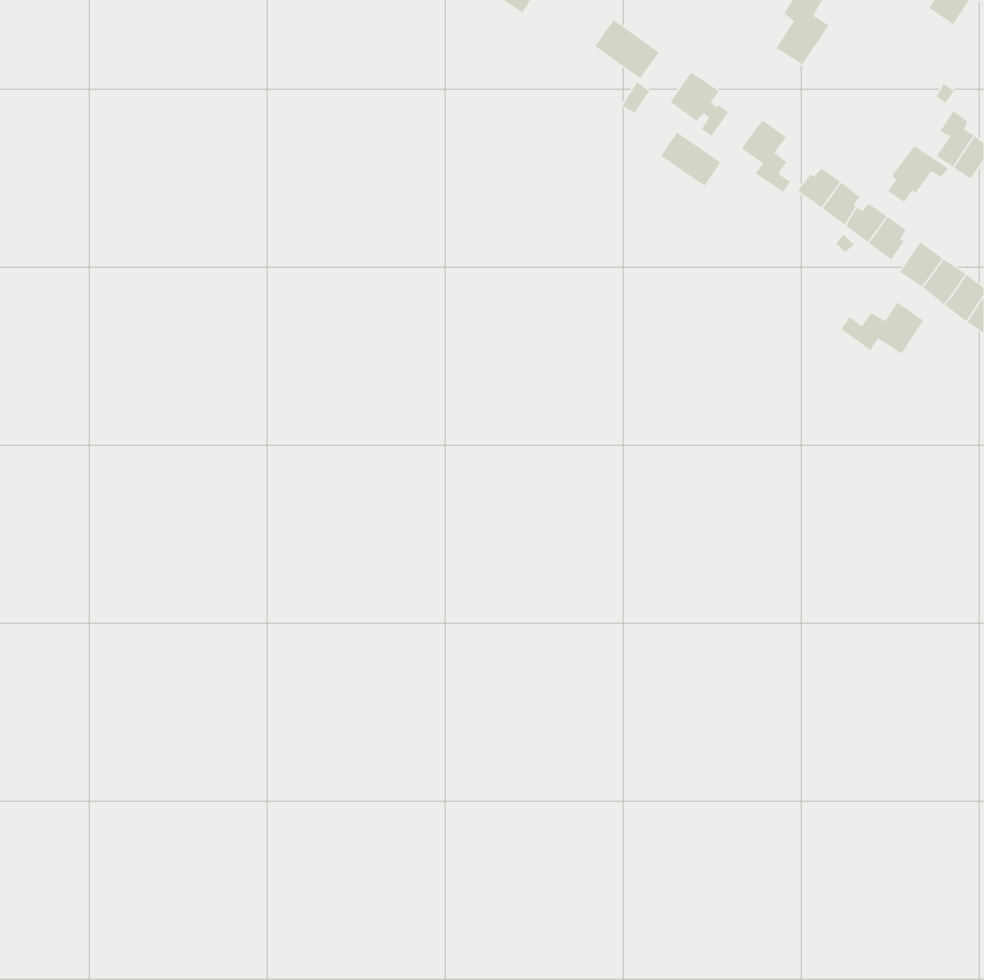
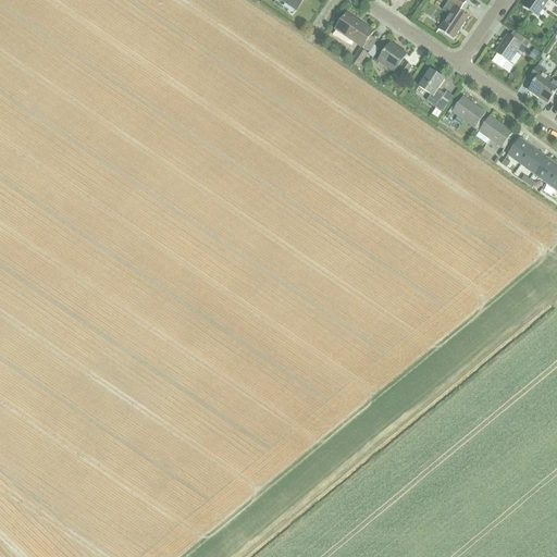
building: [660,132,721,187] -> none
building: [887,145,949,203] -> [492,33,527,65]
building: [840,302,924,355] -> none

